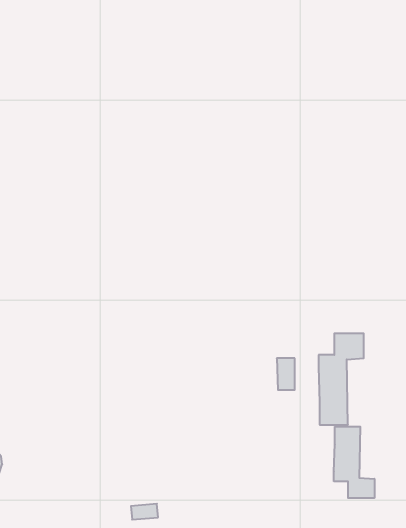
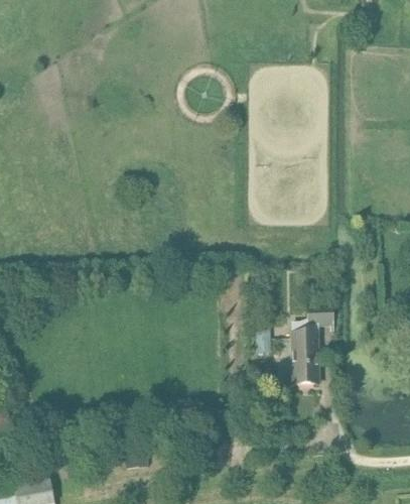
building: [334,427,374,498] -> none

